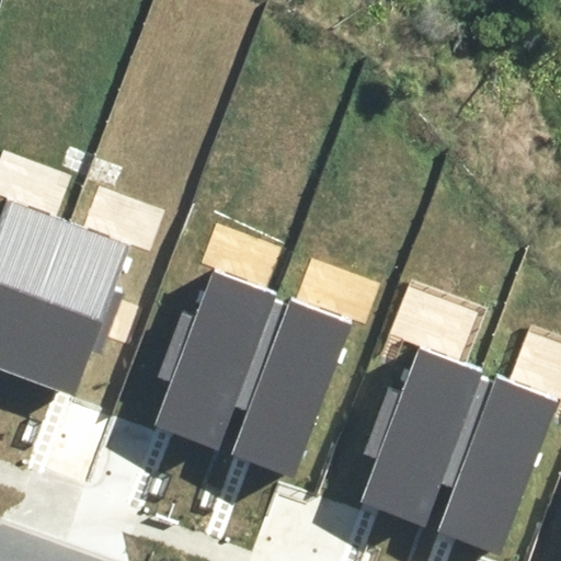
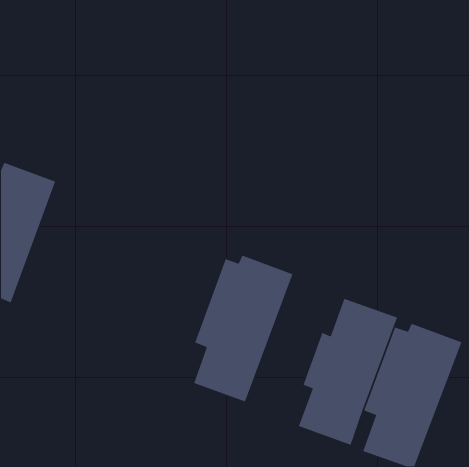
building: [14,216,125,383] -> none
building: [154,274,274,450] -> none

